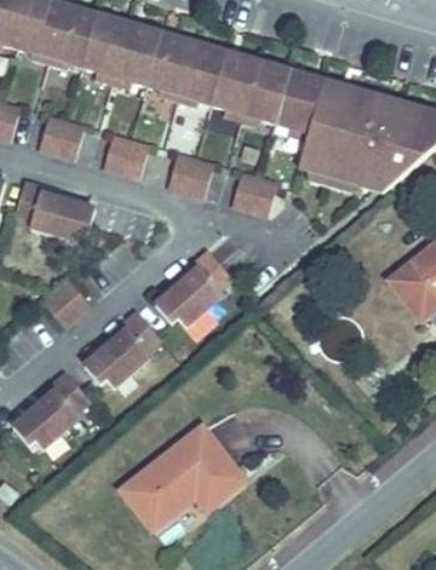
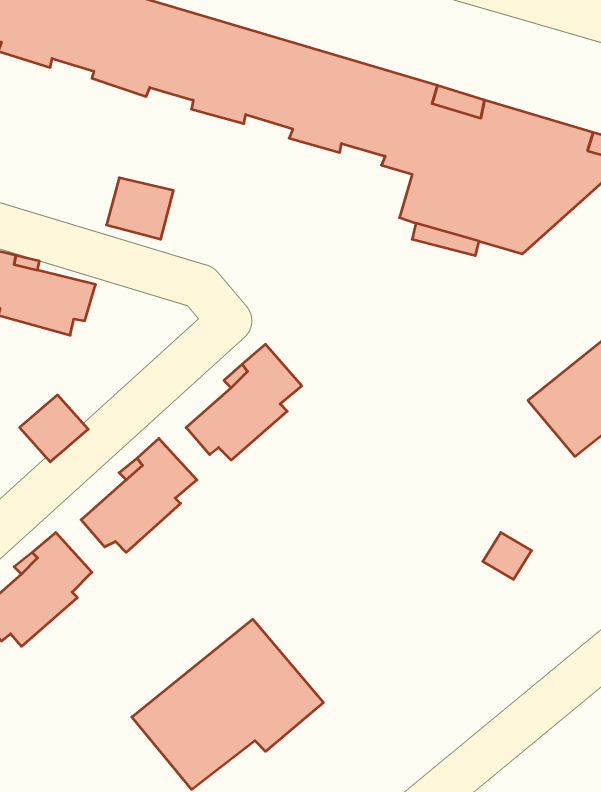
building: [36,117,81,160] -> none
building: [166,154,211,195] -> none
building: [230,172,275,213] -> none

